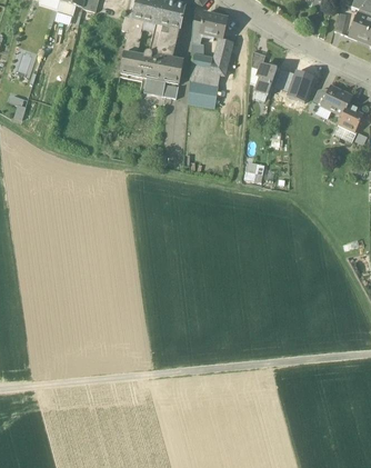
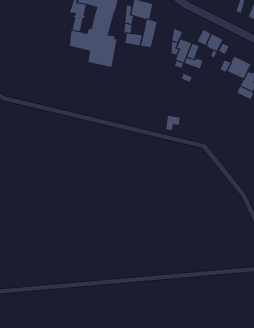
building: [188,80,218,107] -> none

